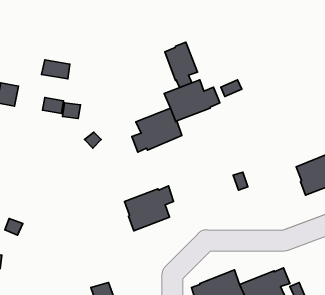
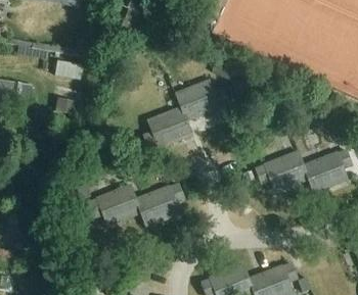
building: [165,42,198,87] -> none
building: none -> [255,150,308,191]
building: none -> [87,185,140,225]

